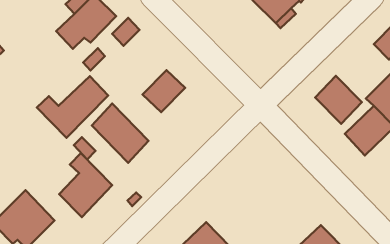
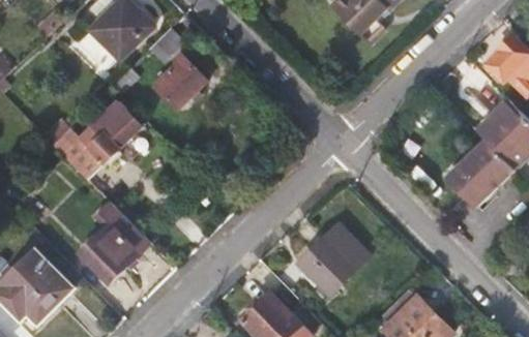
building: [143,70,185,112] -> [153,56,208,110]
building: [315,76,362,124] -> none
building: [92,104,149,163] -> none
building: none -> [297,223,371,295]

